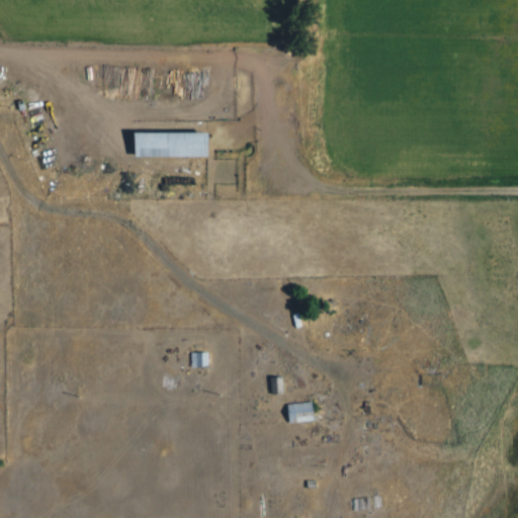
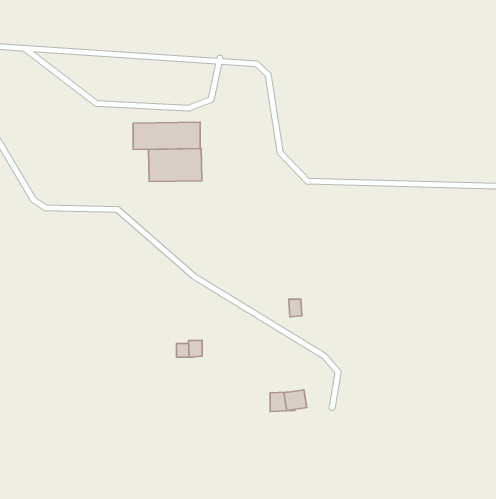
building: none -> [148,149,202,181]

